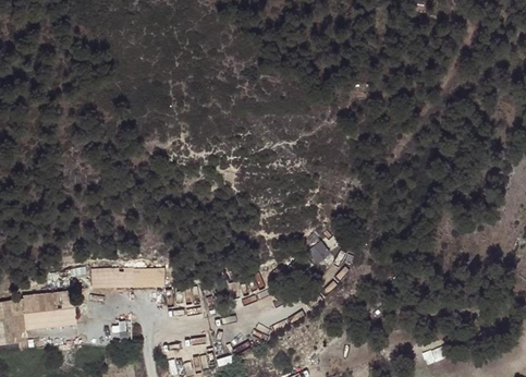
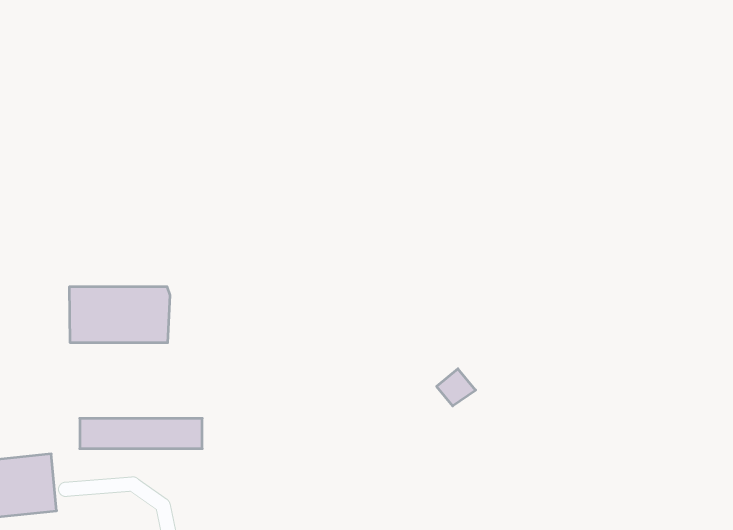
building: none -> [70,287,170,343]

